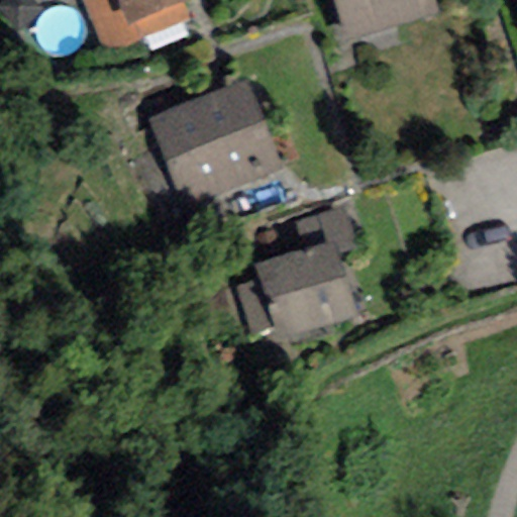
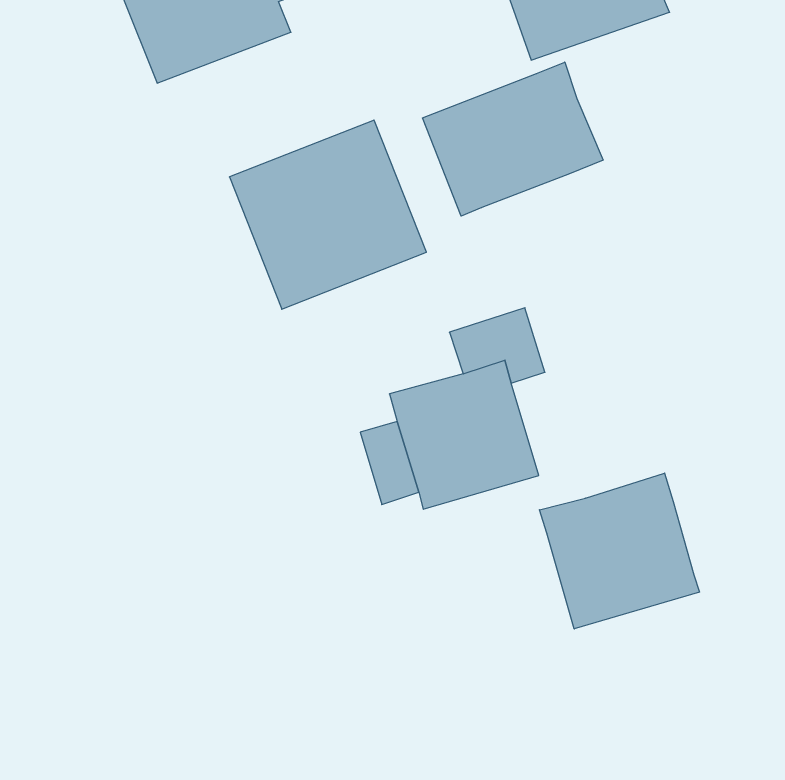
building: none -> [423,62,603,216]
building: none -> [539,473,699,629]

